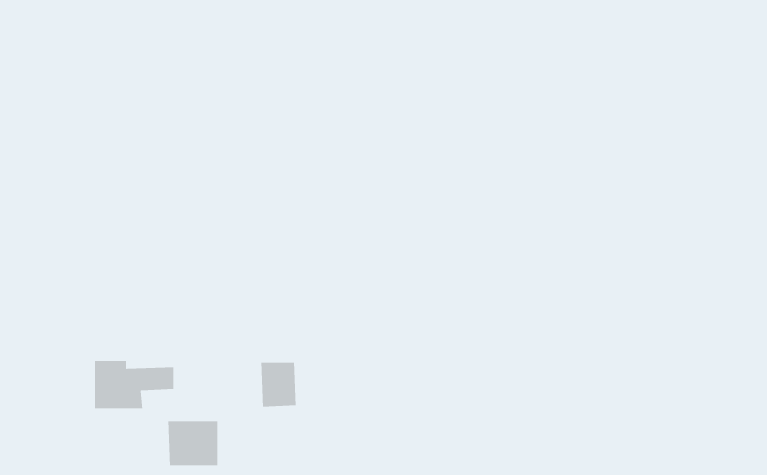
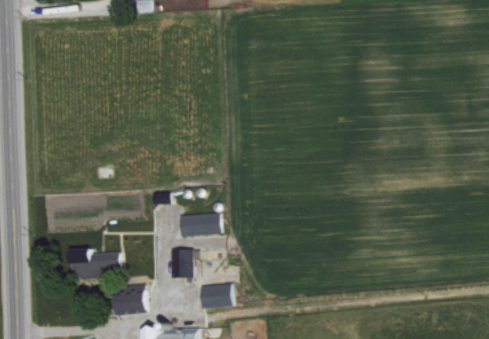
building: none -> [180,213,221,235]
building: none -> [202,284,234,307]

